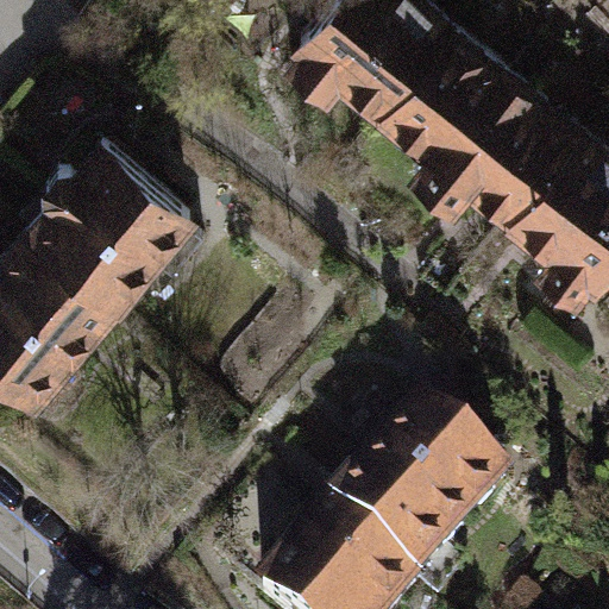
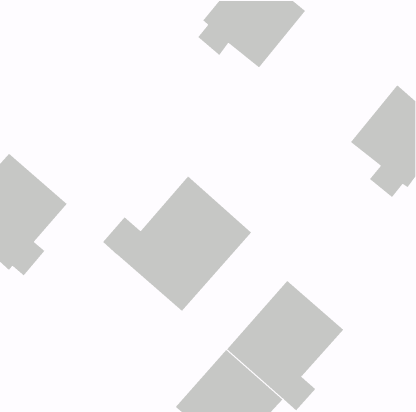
building: [373,30,572,219] -> none
building: [13,150,188,308] -> none
building: none -> [102,175,252,312]

